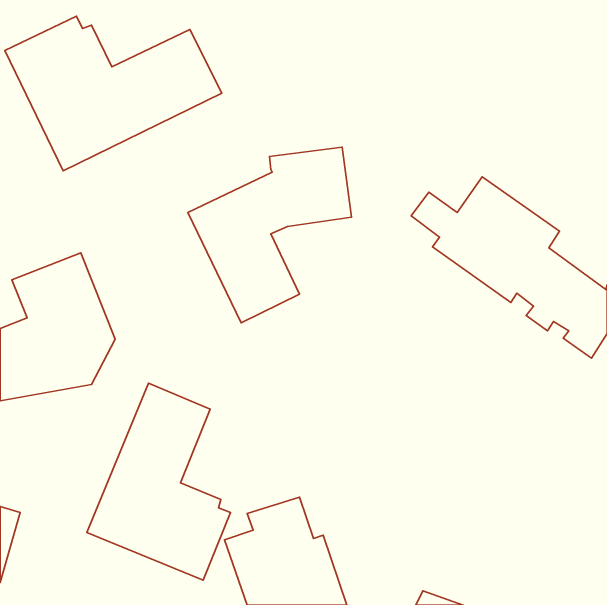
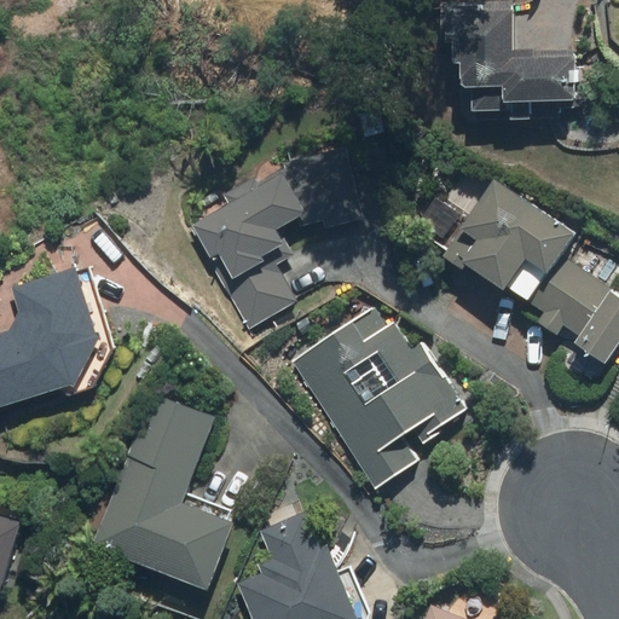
building: none -> [445,5,571,116]
building: [5,16,222,171] -> none
building: none -> [290,303,469,488]

